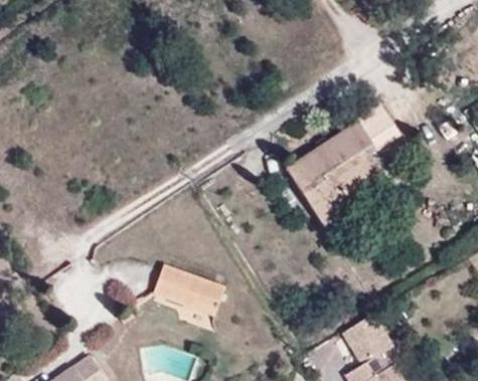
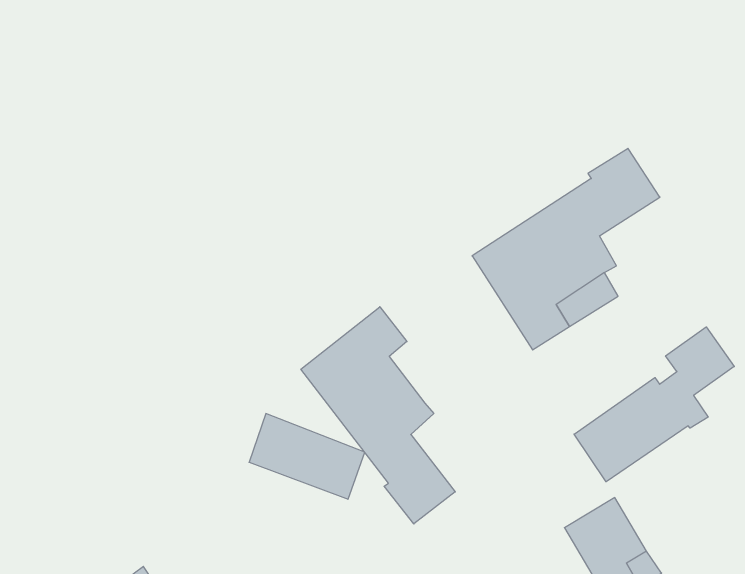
building: none -> [301,307,455,524]
building: none -> [574,327,734,482]

